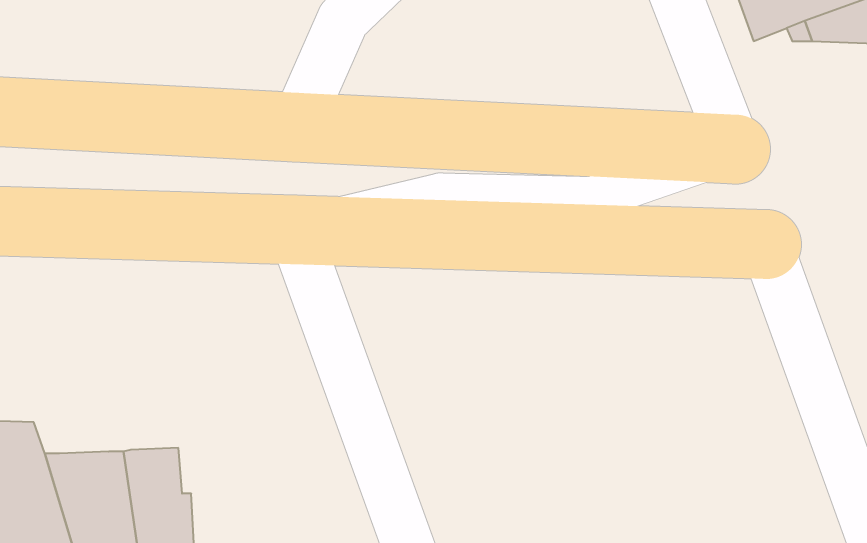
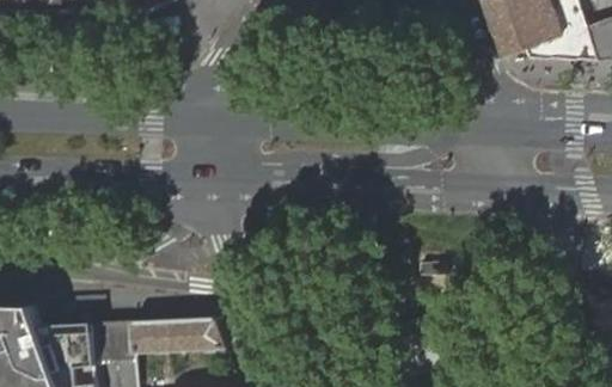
building: none -> [123,317,220,351]

